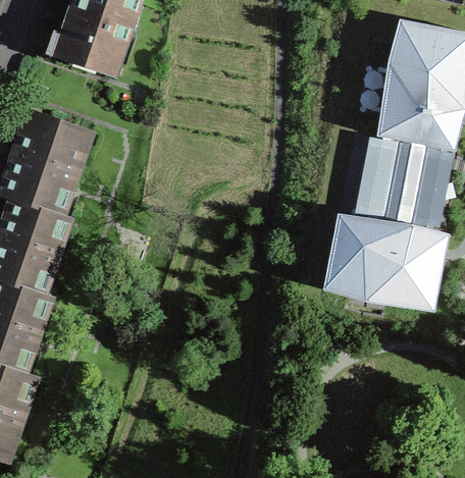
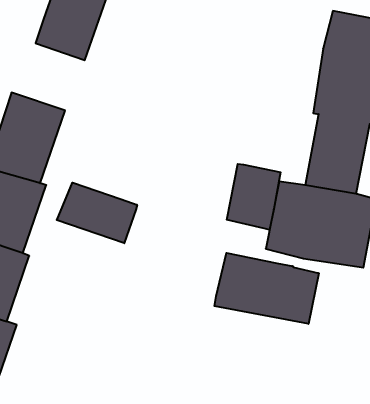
building: none -> [227,164,281,230]
building: none -> [57,183,137,243]
building: none -> [214,253,319,324]

